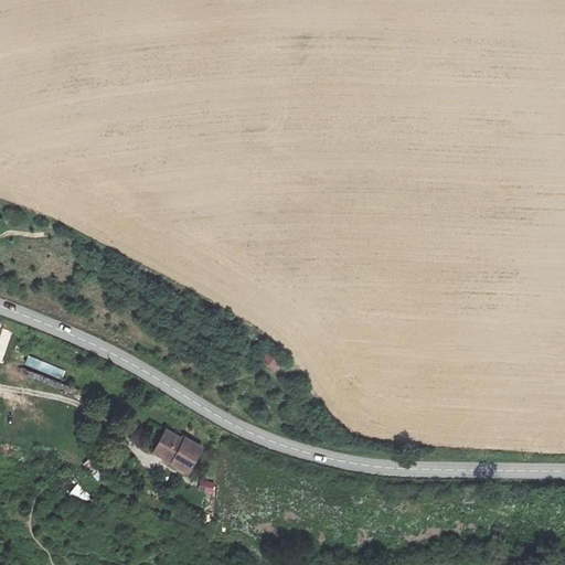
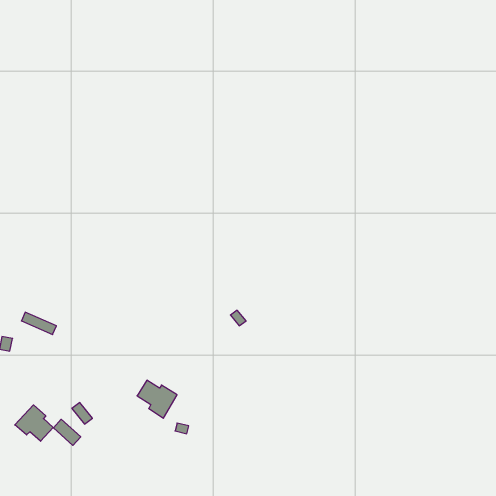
building: none -> [15,405,53,441]

